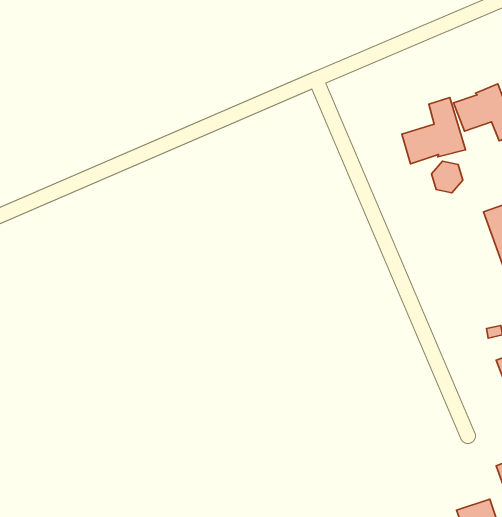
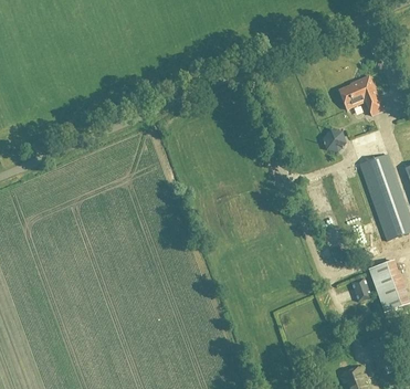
building: [402,98,466,164] -> none

